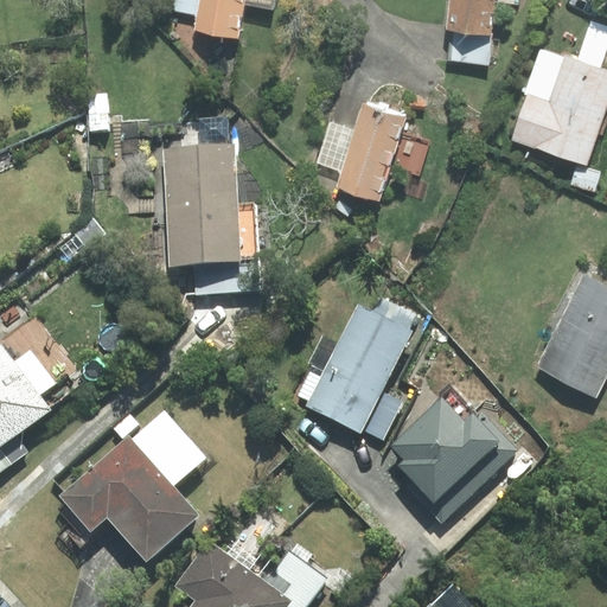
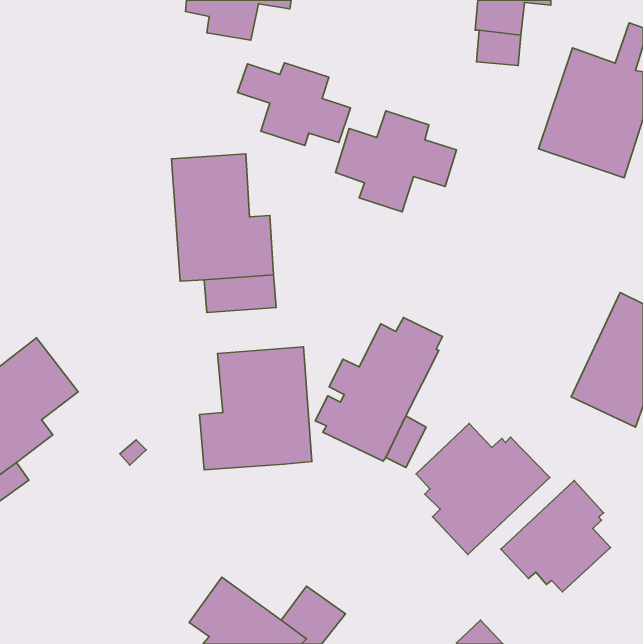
building: none -> [238,63,351,145]
building: none -> [200,347,312,470]
building: [60,413,200,560] -> none
building: none -> [501,481,610,592]

